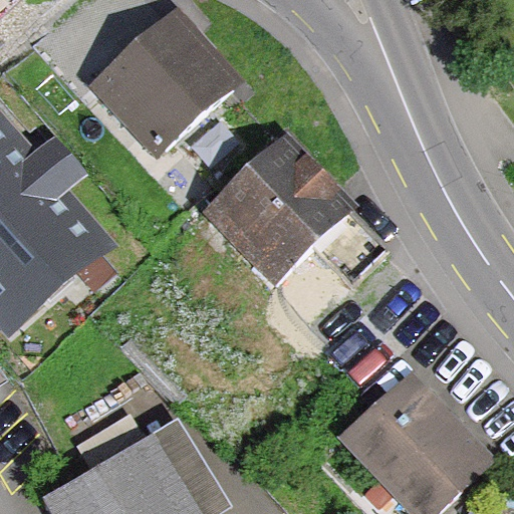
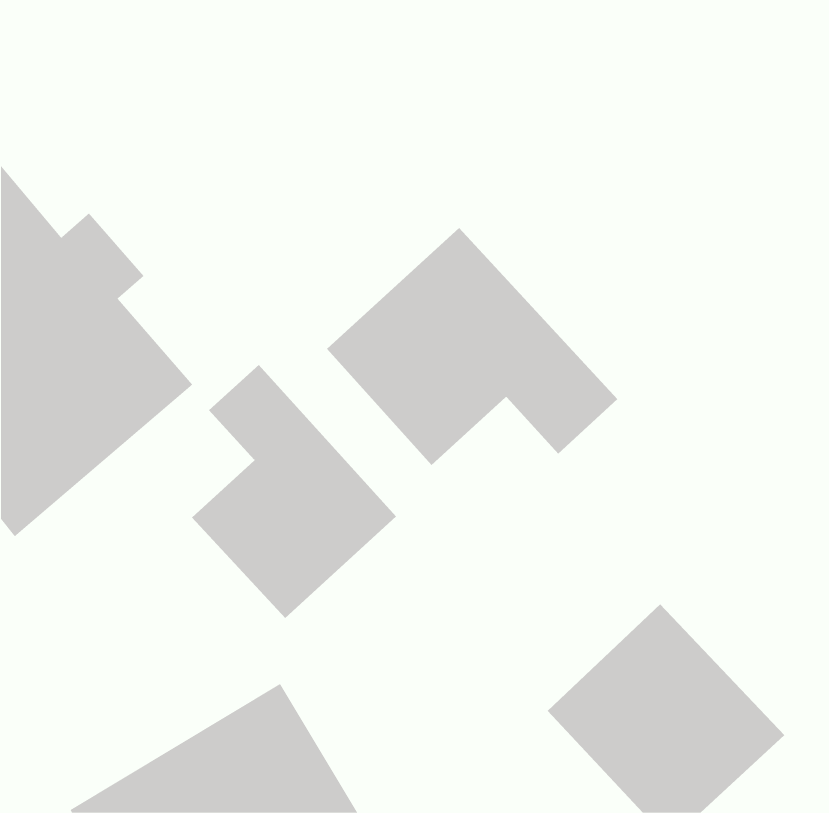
building: [89,6,239,154] -> none
building: none -> [191,364,397,619]

